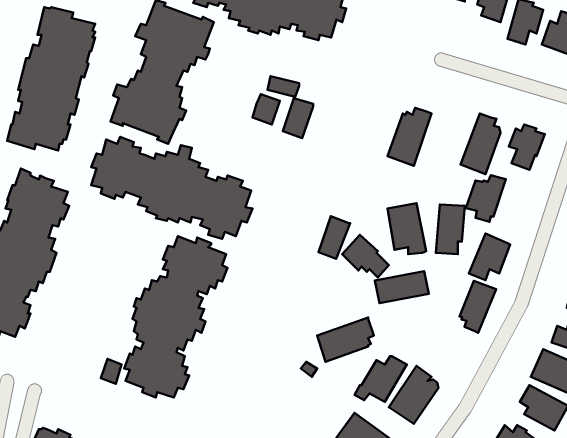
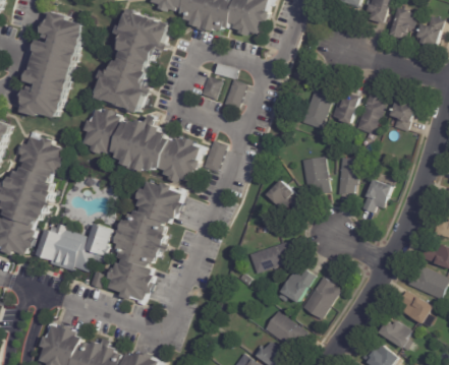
building: [466,175,506,222] -> [330,94,359,128]
building: [318,216,350,259] -> [203,140,226,172]
building: [375,271,429,303] -> none
building: [460,281,496,333] -> none
building: none -> [36,223,113,272]

